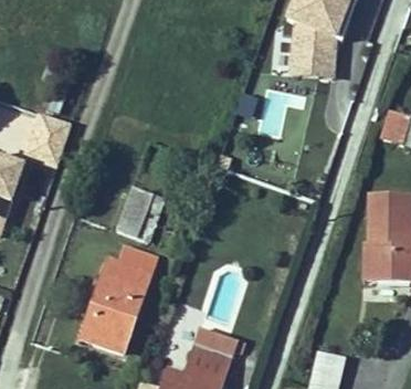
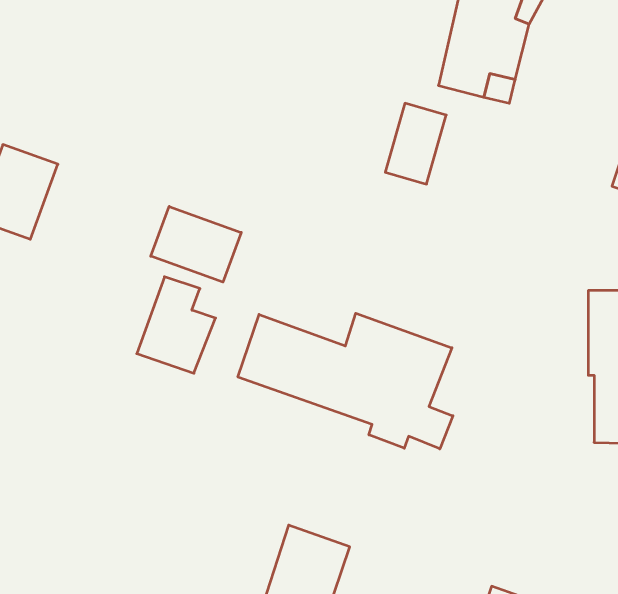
building: none -> [151,206,241,282]
building: none -> [238,313,453,449]
building: [81,261,148,350] -> none

